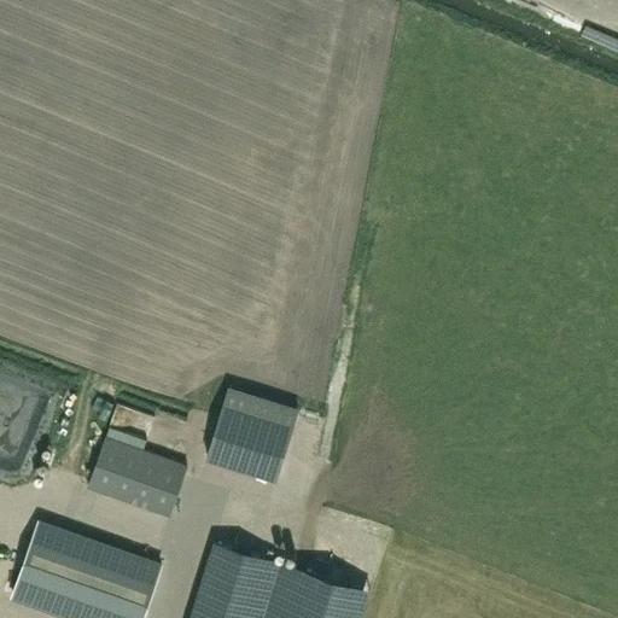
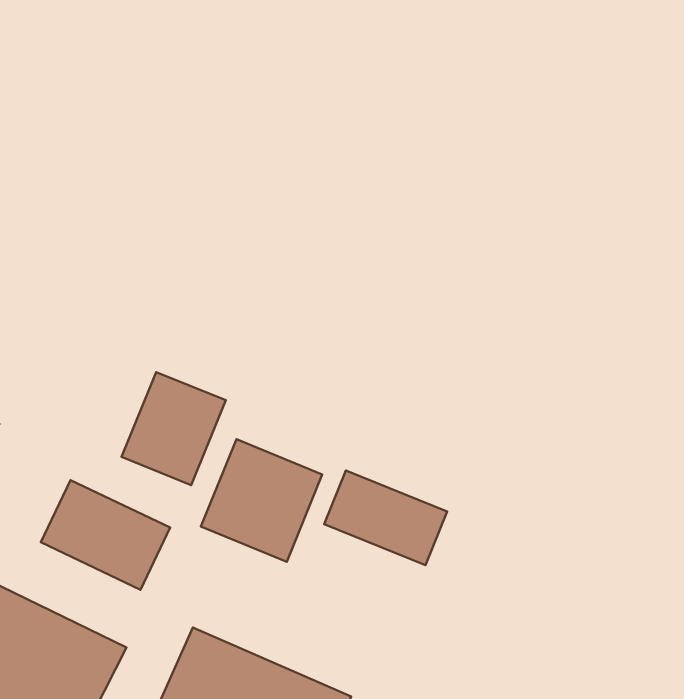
building: none -> [122,372,226,485]
building: none -> [324,470,447,565]

